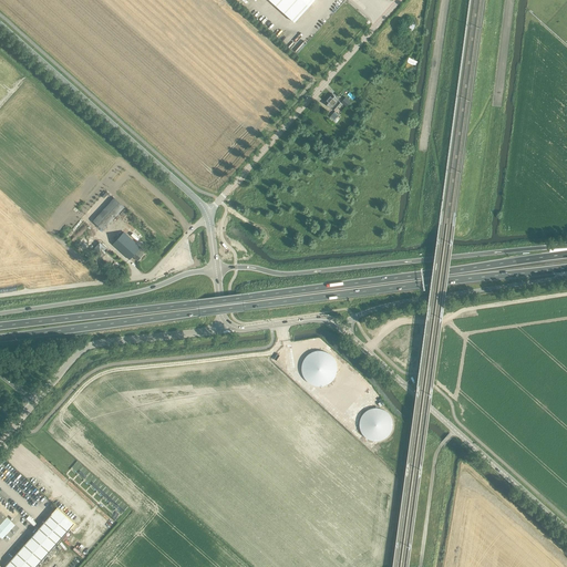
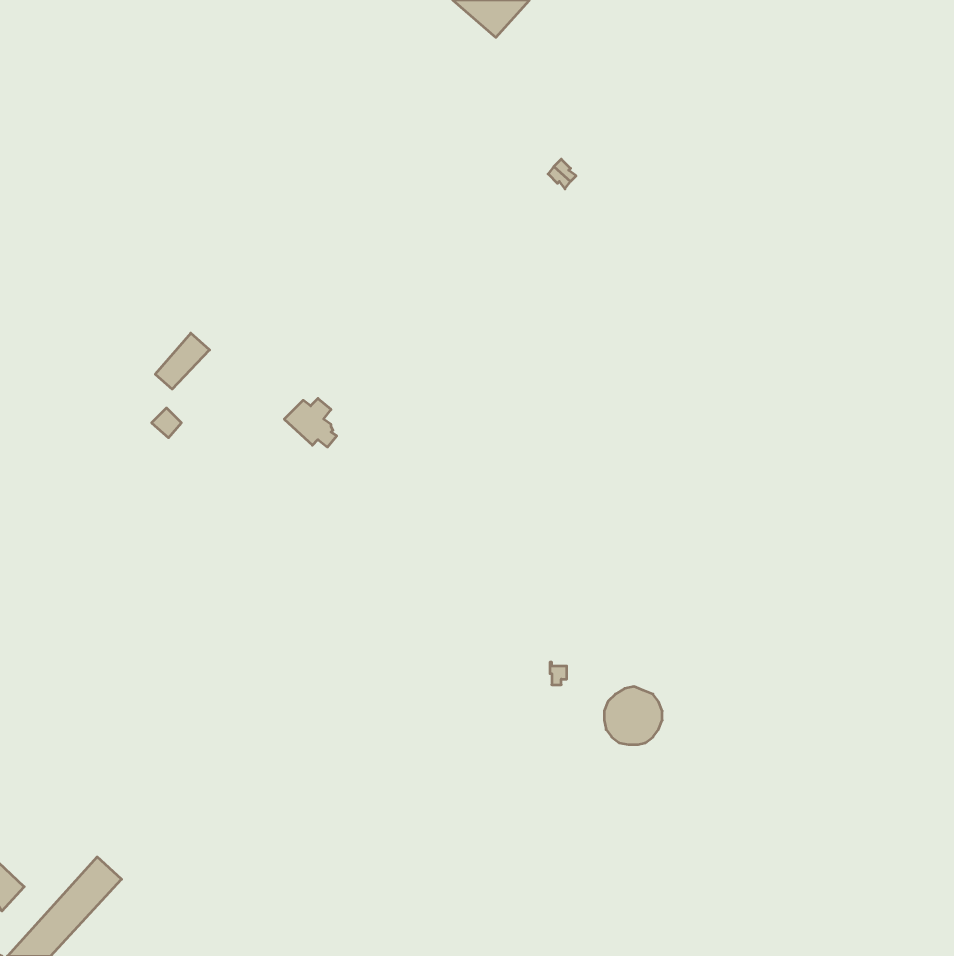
building: [112,231,143,260] -> [284,398,337,447]
building: [300,350,336,385] -> none

